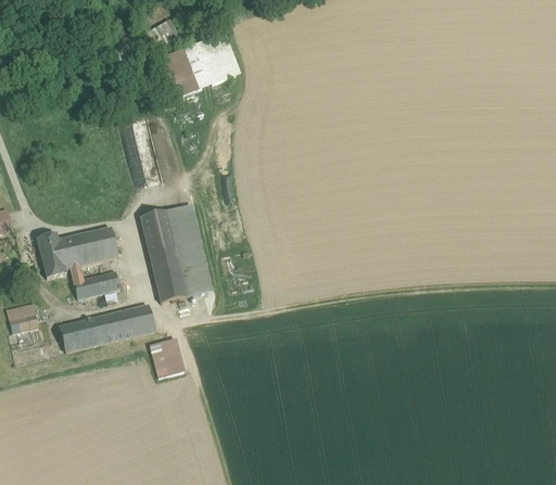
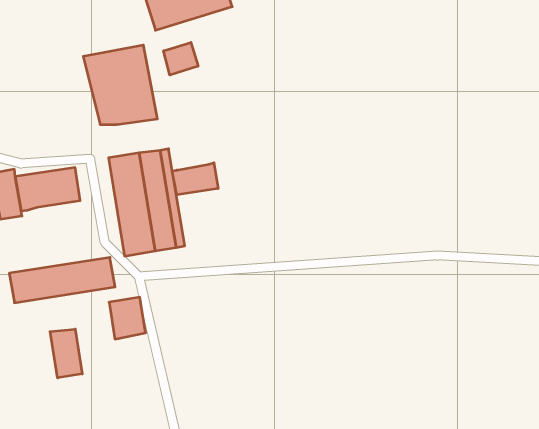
building: none -> [164,42,198,75]
building: none -> [172,163,218,195]
building: [70,265,118,298] -> none
building: none -> [50,329,82,378]

